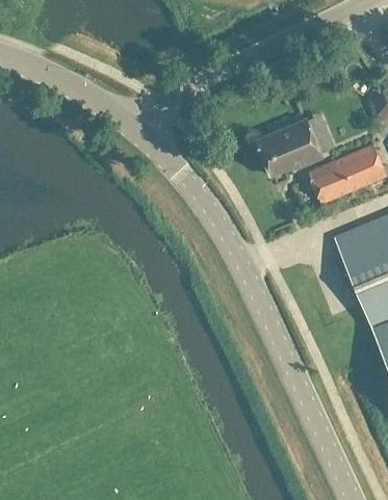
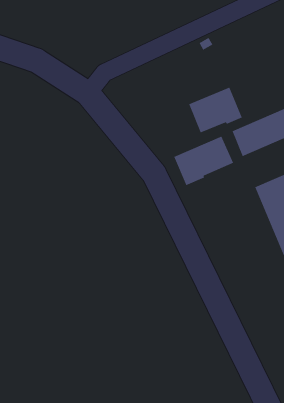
building: none -> [173,135,234,186]

